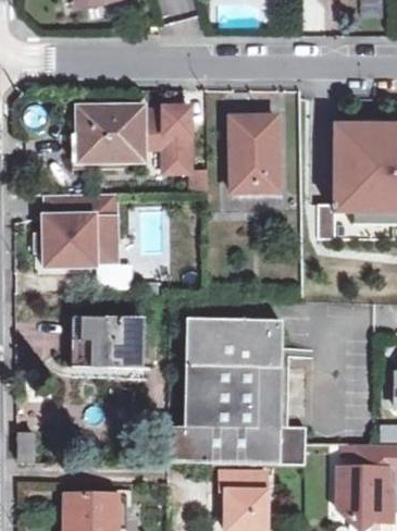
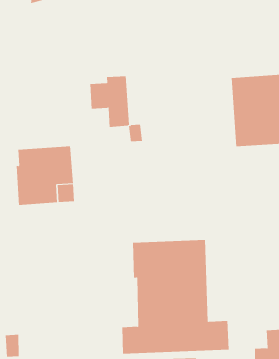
building: [74,108,145,169] -> none
building: [231,118,277,192] -> none
building: [71,317,140,372] -> none

